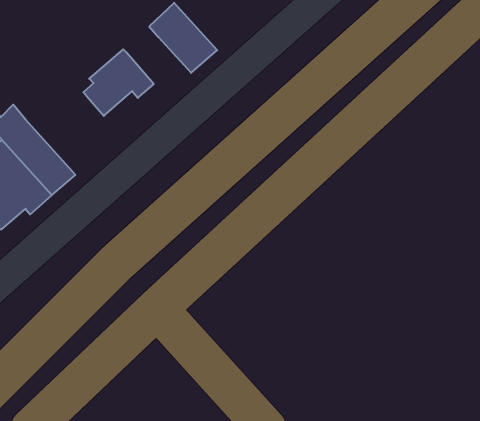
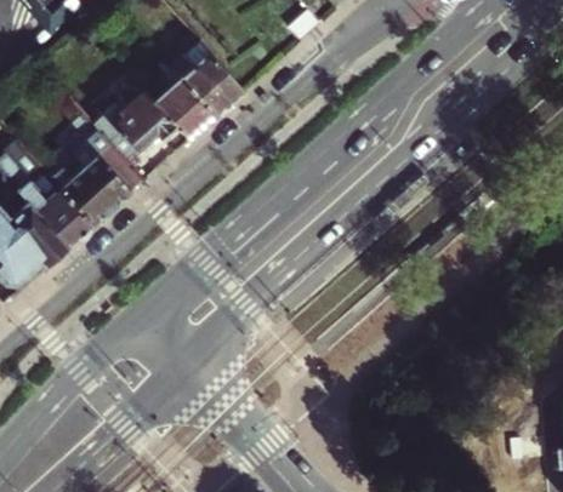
building: none -> [153,78,222,142]
building: none -> [45,145,148,225]

